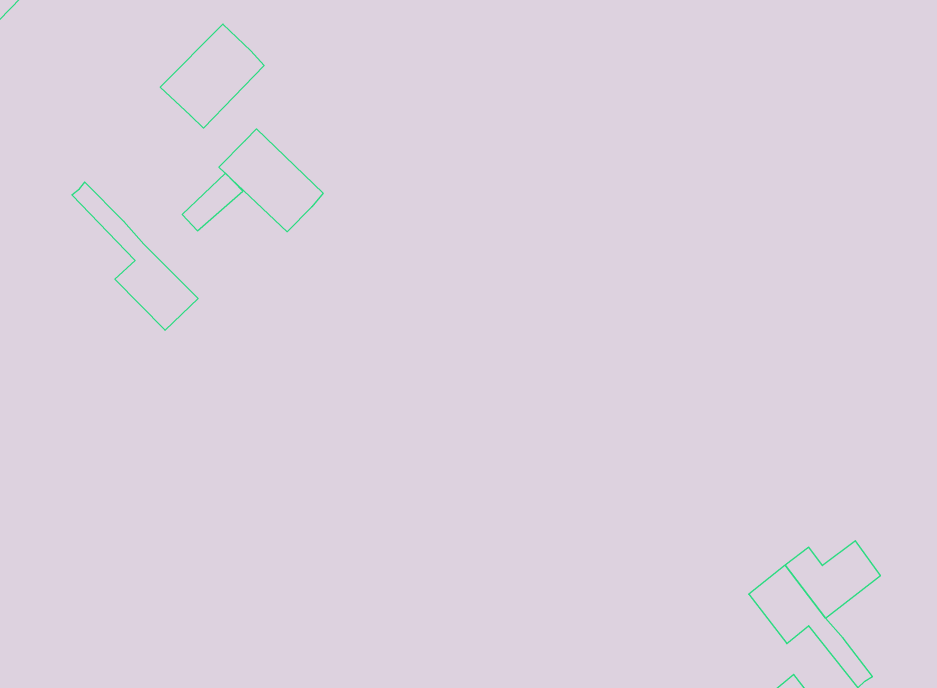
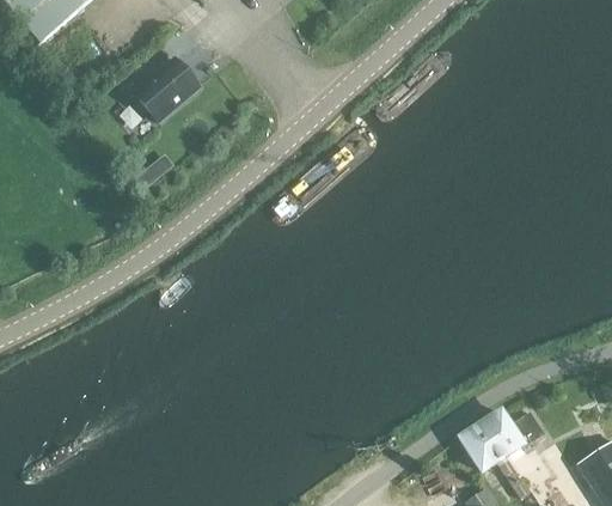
building: [219,129,323,232] -> none
building: [72,182,198,330] -> none

